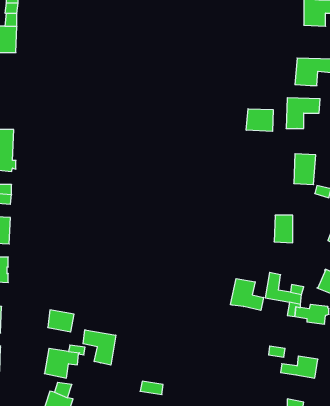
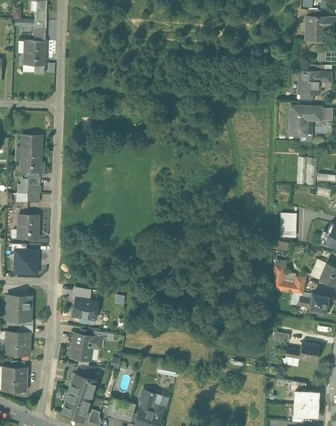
building: [246,109,273,131] -> none
building: [230,279,264,310] -> none
building: [83,330,116,365] -> none

